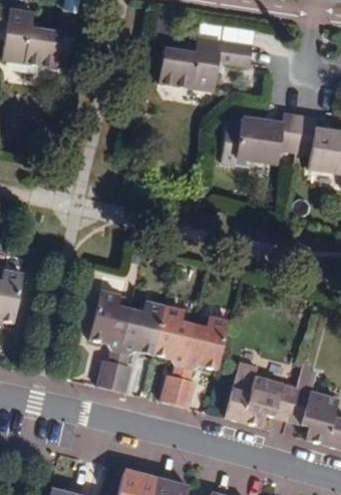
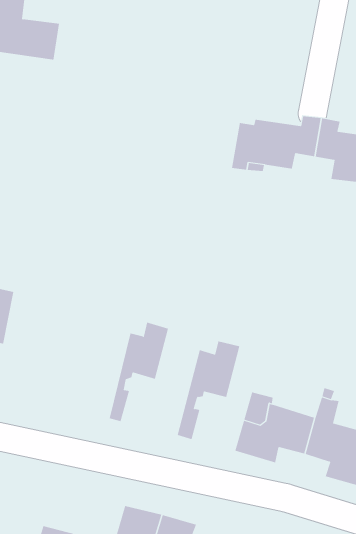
building: [159,34,255,88] -> none
building: [87,289,129,388] -> none
building: [152,306,192,403] -> none

